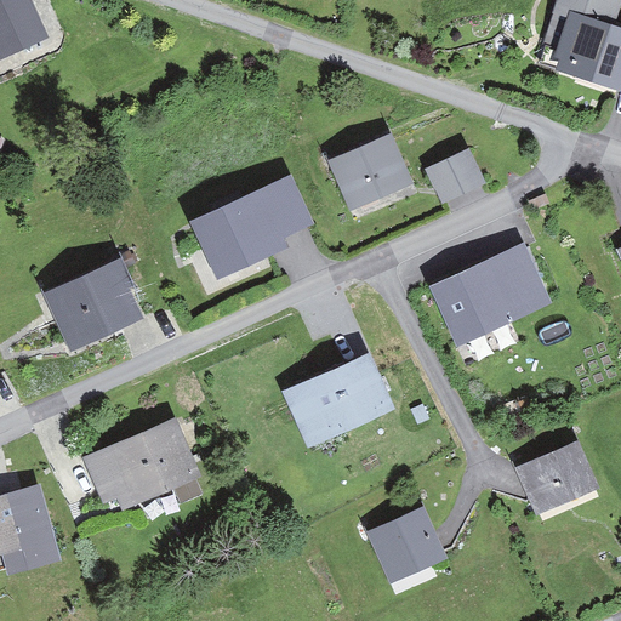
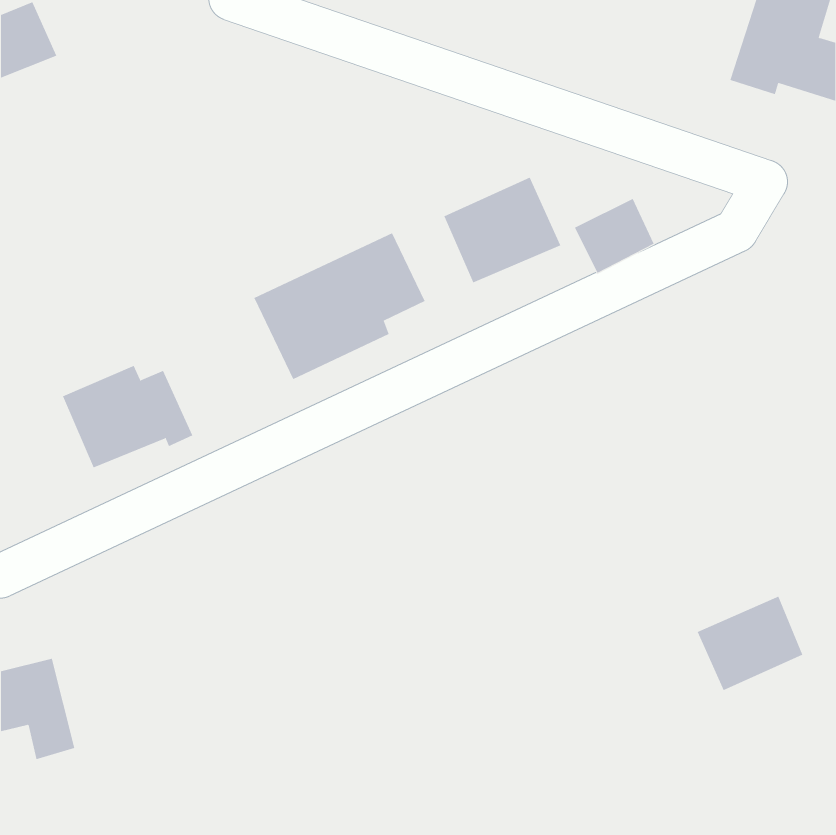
building: [434,245,543,336] -> none
building: [283,352,395,448] -> none
building: [92,422,194,494] -> none
building: [368,507,446,583] -> none

